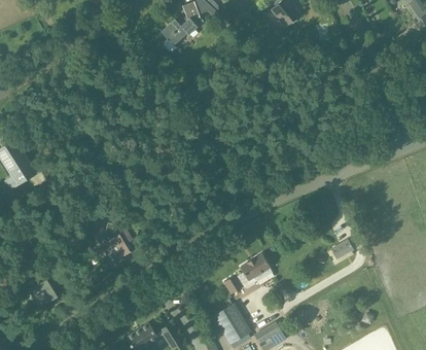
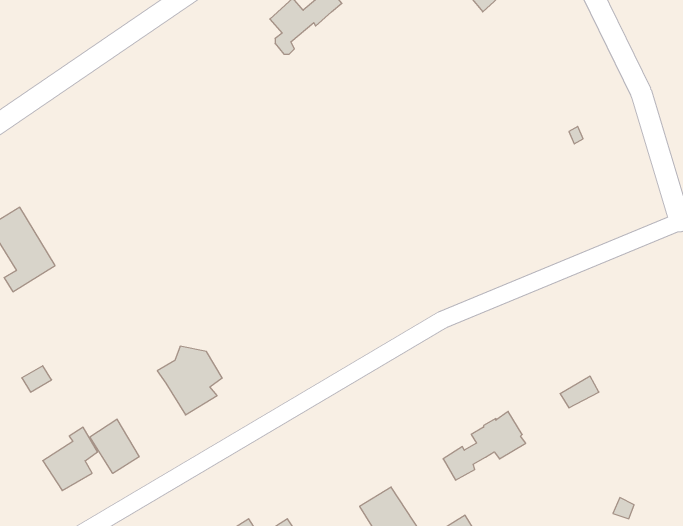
building: [224,253,273,293] -> [443,411,526,480]
building: none -> [90,419,139,473]

